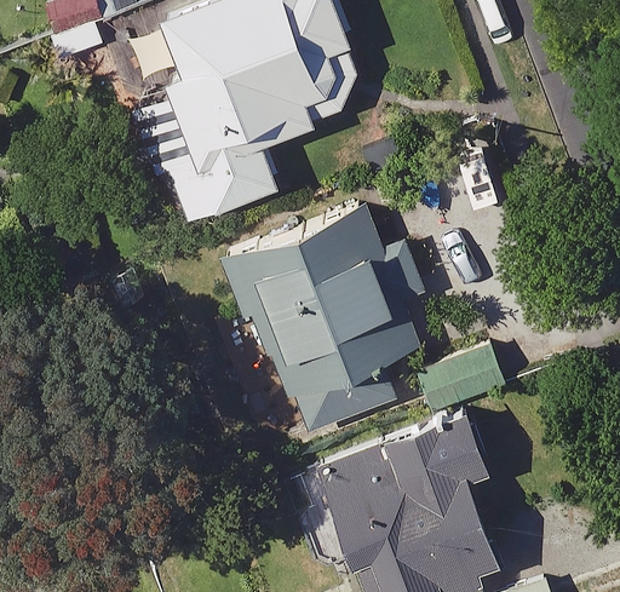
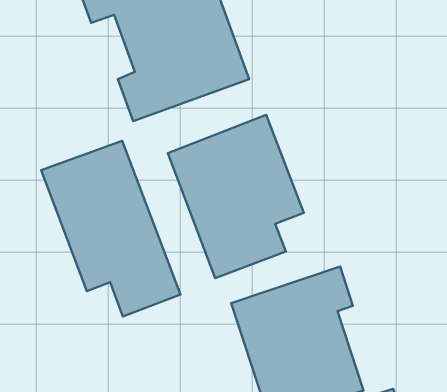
building: none -> [41,141,181,316]

